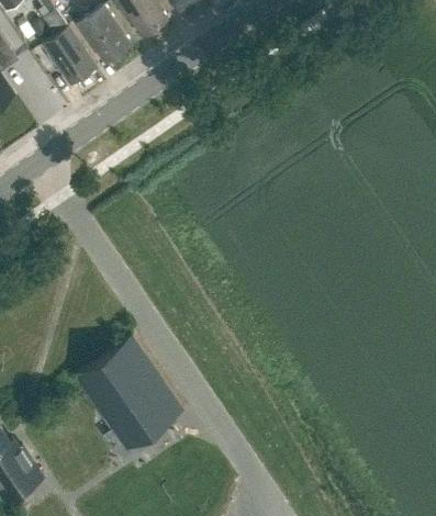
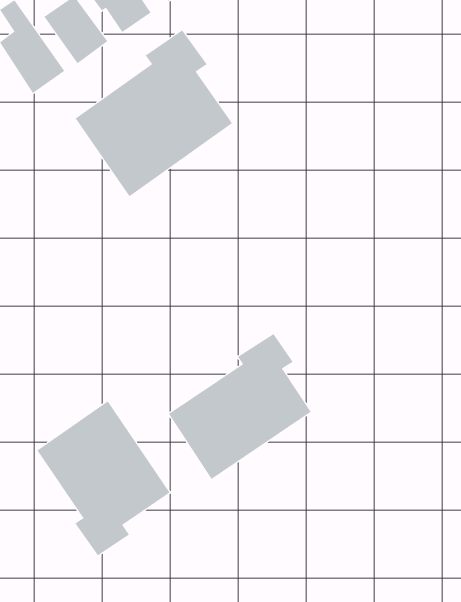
building: none -> [75,30,233,197]
building: none -> [168,333,312,480]

